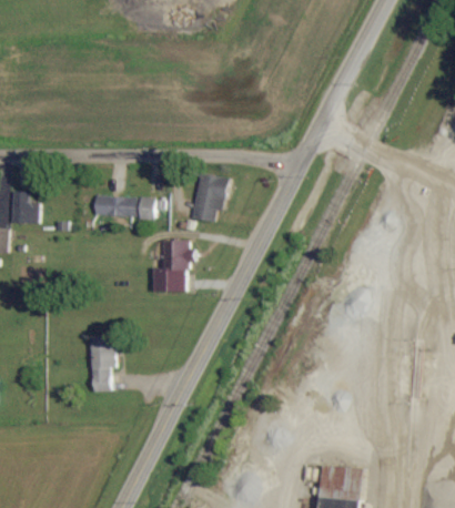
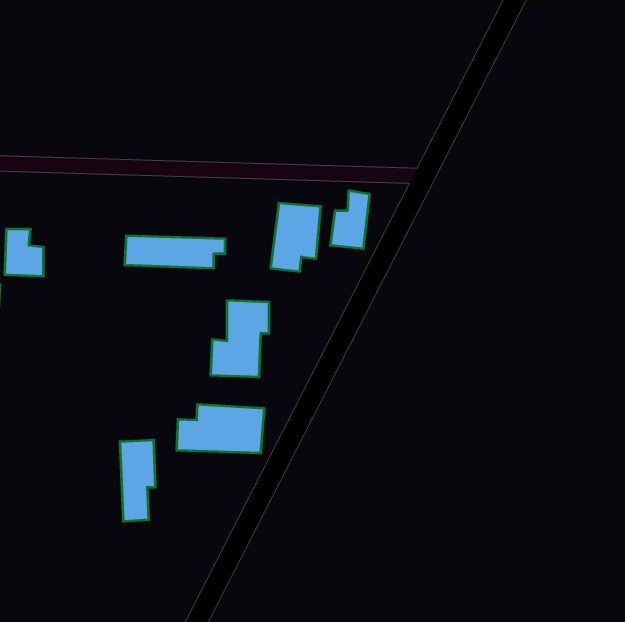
building: none -> [330,191,369,249]
building: none -> [177,404,264,453]

